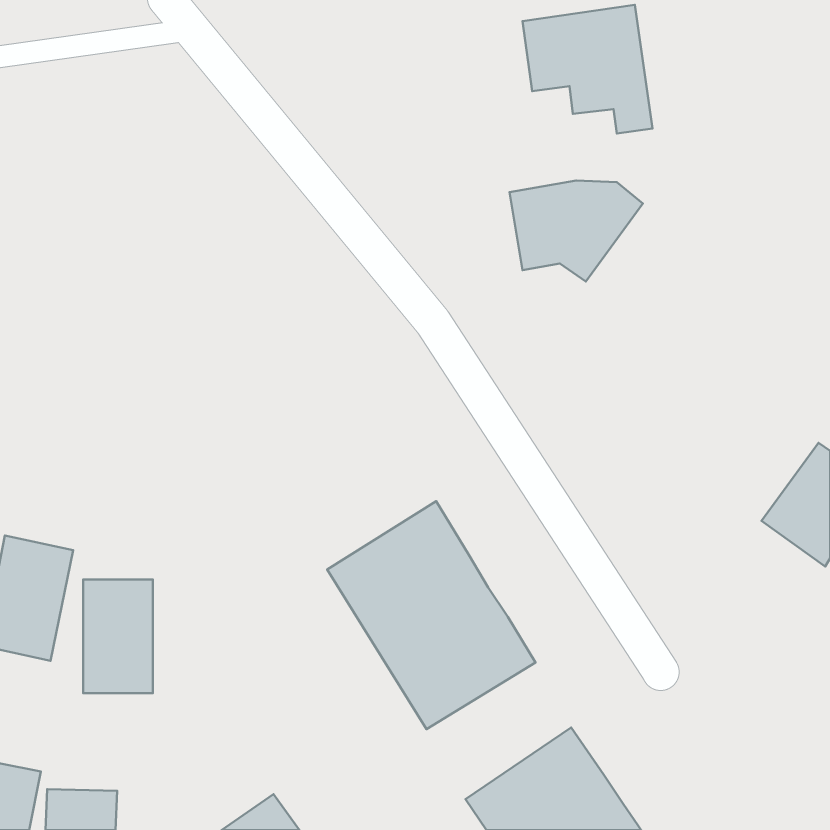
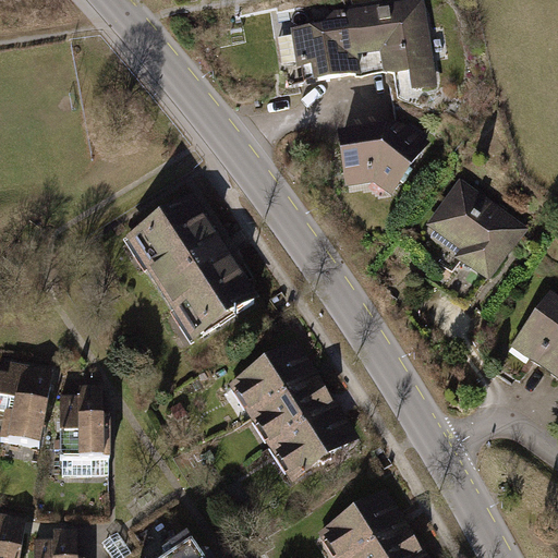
building: none -> [292,14,360,87]
building: none -> [425,178,524,279]
building: none -> [119,191,260,347]

